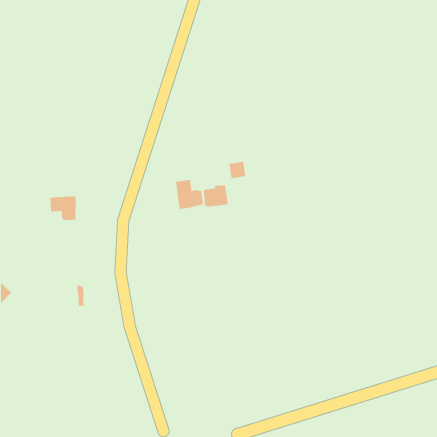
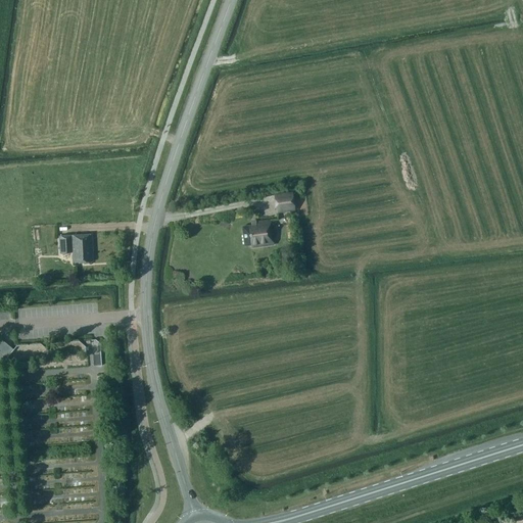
building: [176,179,204,210] -> none

